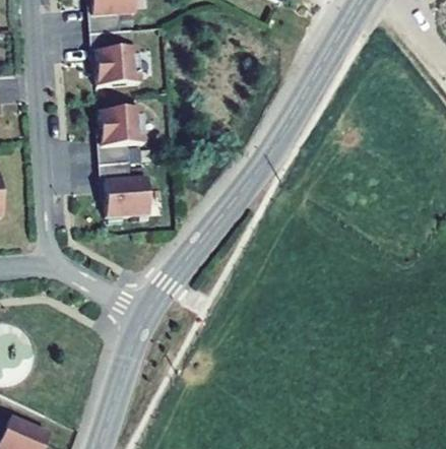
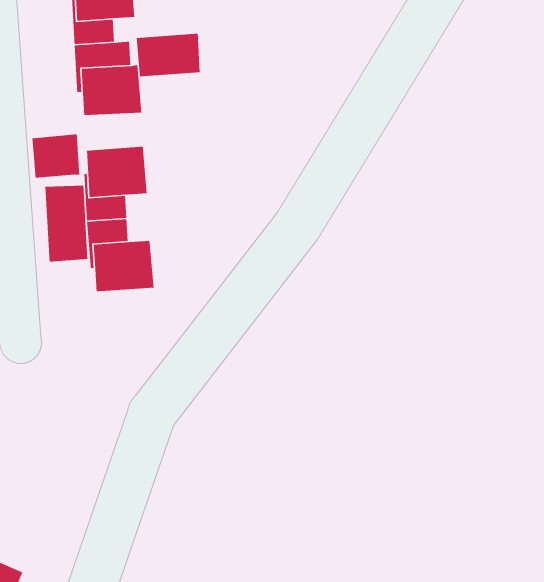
building: none -> [136,33,201,77]
building: none -> [32,133,80,179]
building: none -> [44,185,88,263]

